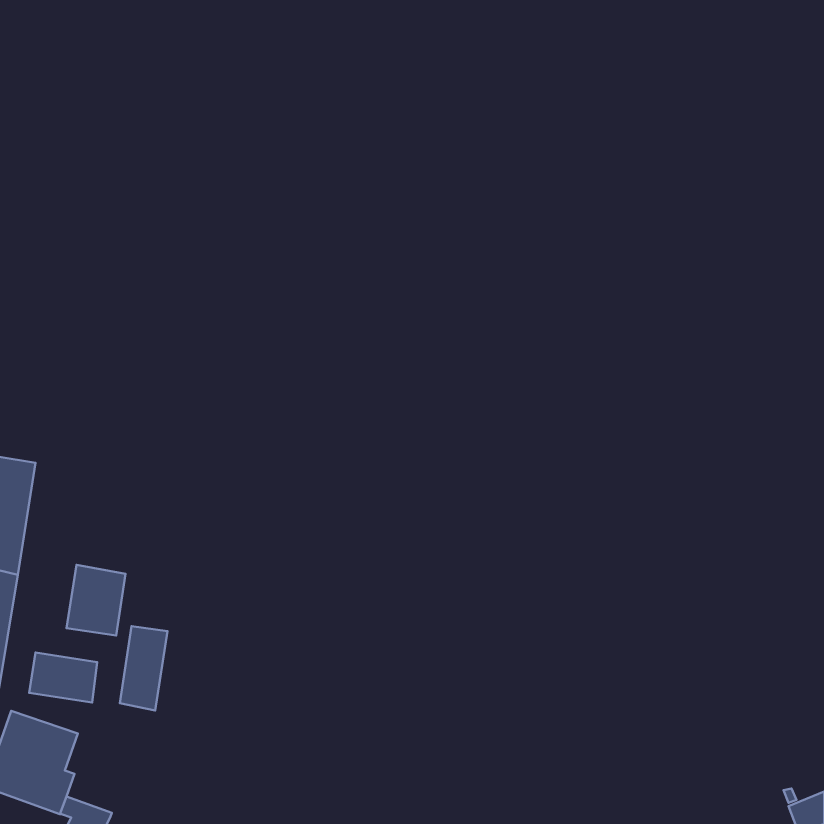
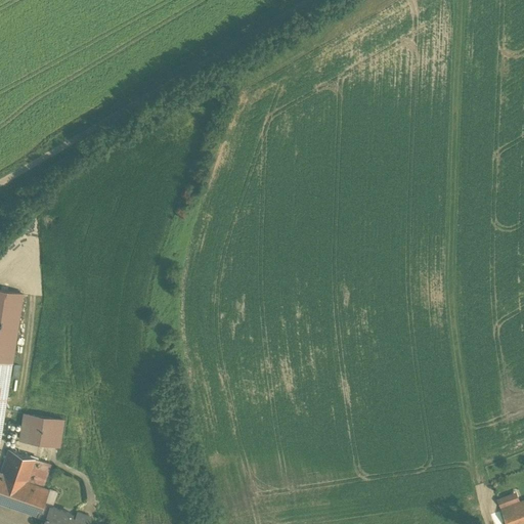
building: [67,565,125,636] -> none
building: [120,626,167,710] -> none

